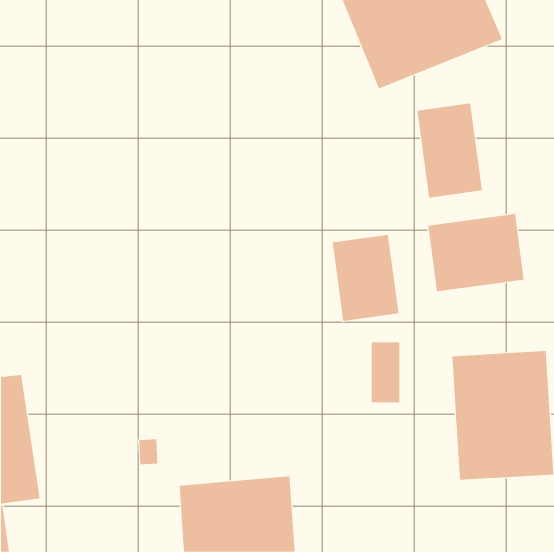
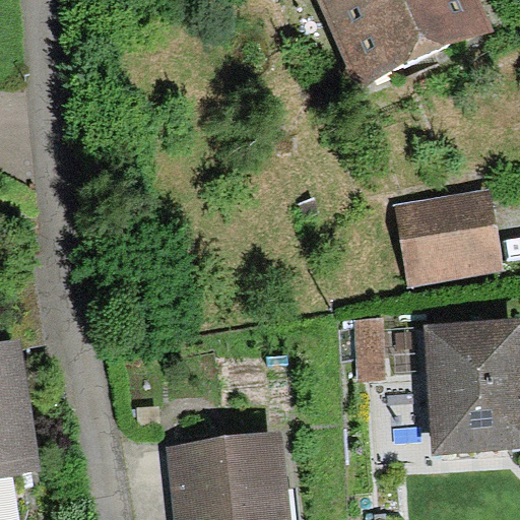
building: [417,103,482,199] -> none
building: [332,234,399,322] -> none

